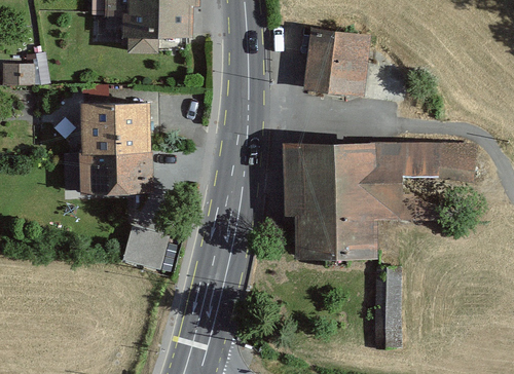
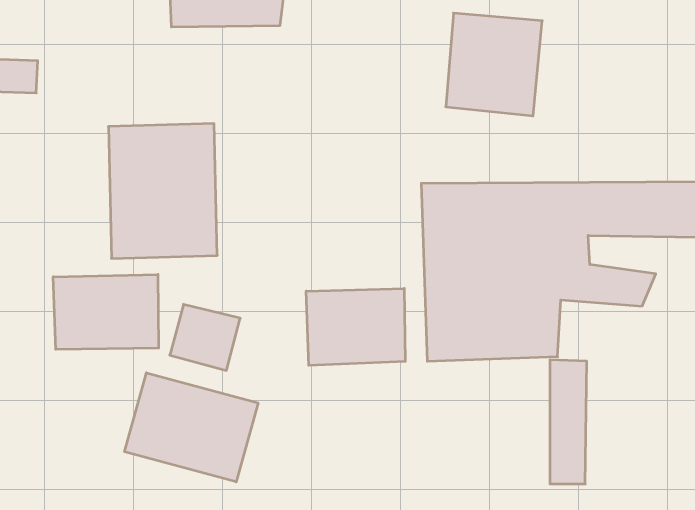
building: none -> [53,274,159,349]
building: none -> [306,288,405,365]
building: none -> [125,373,258,482]

